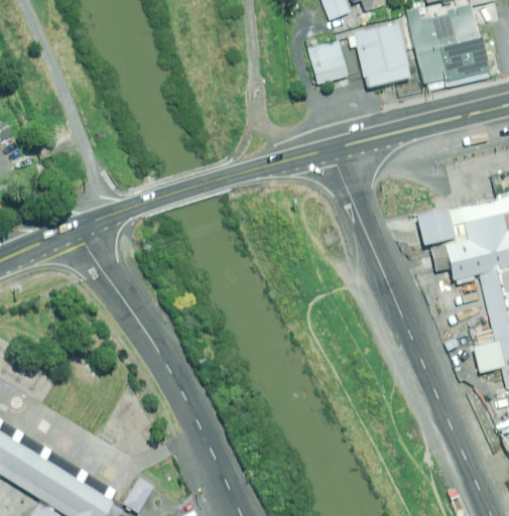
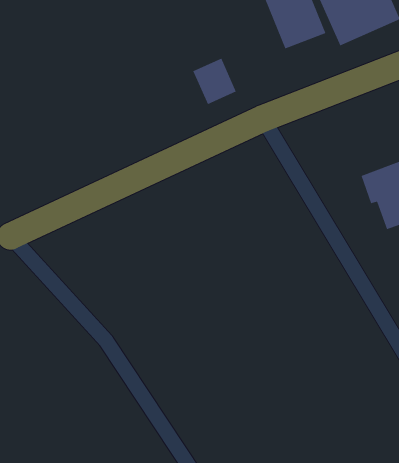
building: [305,38,346,83] -> [192,57,237,105]

